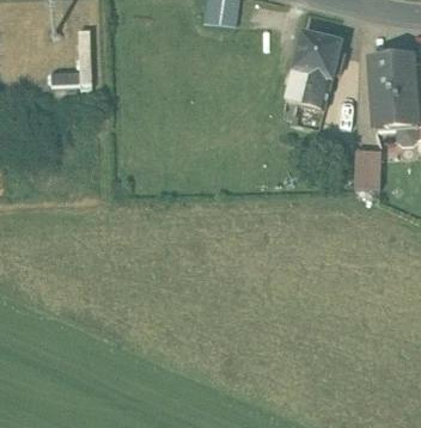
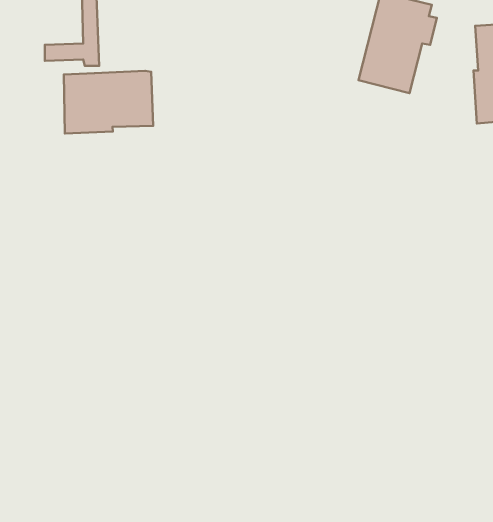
building: none -> [64,71,153,133]
building: [354,148,382,185] -> none

